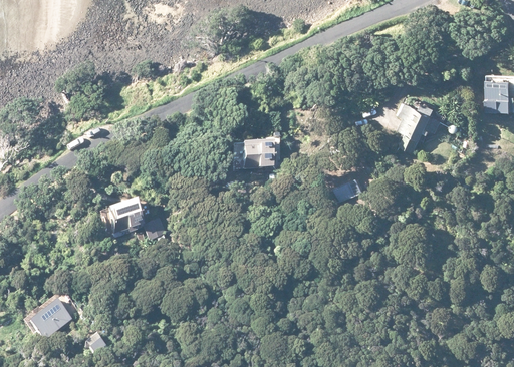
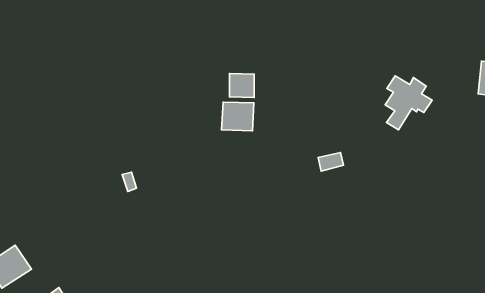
building: none -> [229,74,254,98]
building: [103,198,143,234] -> none

